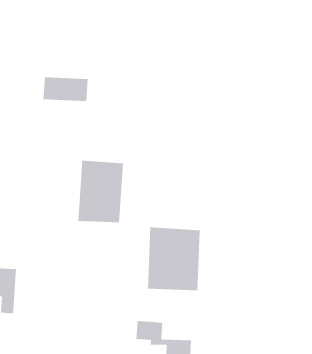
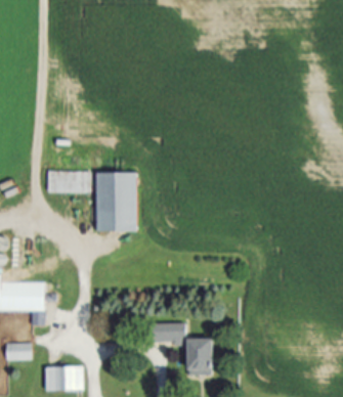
building: [43,77,89,102] -> [46,170,89,193]
building: [147,227,200,291] -> none

